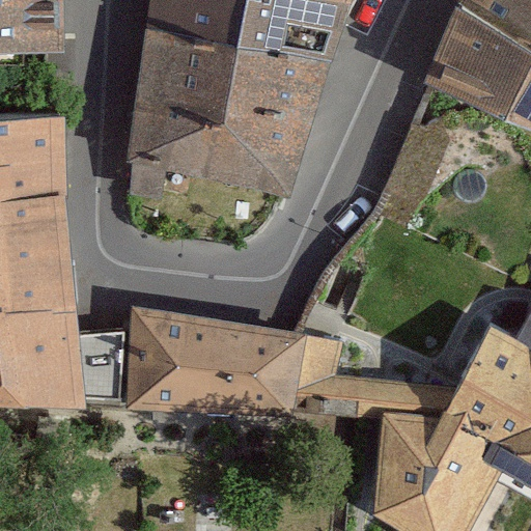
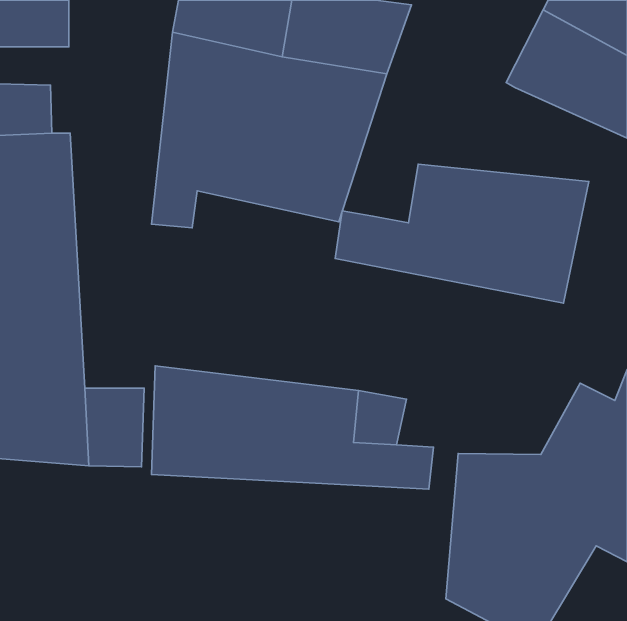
building: none -> [335,164,589,303]

